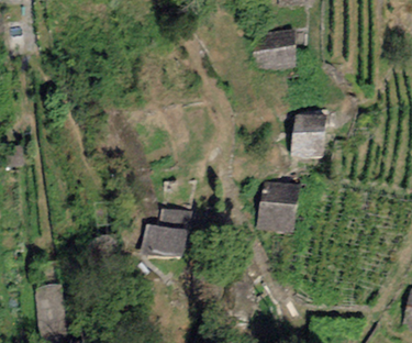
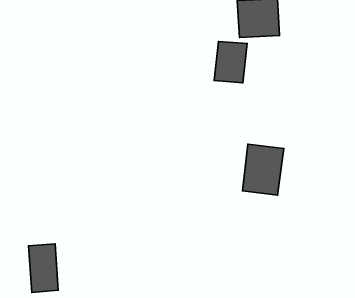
building: [291,114,325,157] -> [214,41,247,83]
building: [144,207,189,256] -> none

